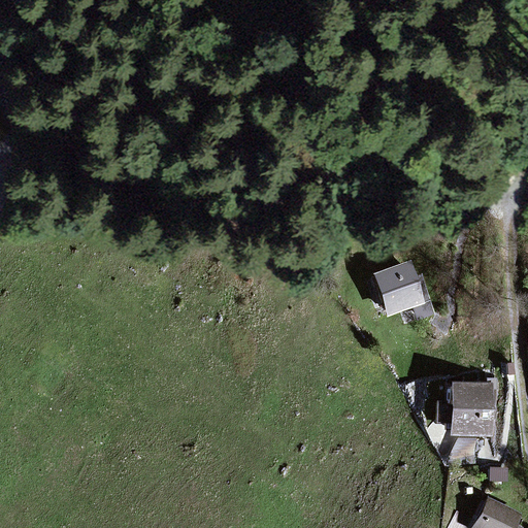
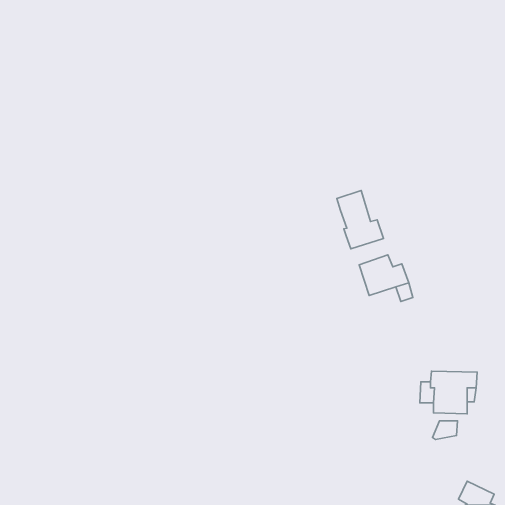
building: none -> [337,191,384,249]

